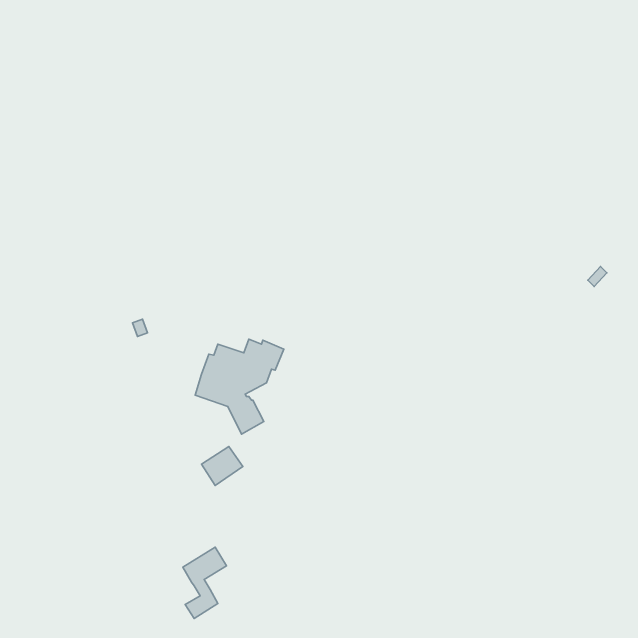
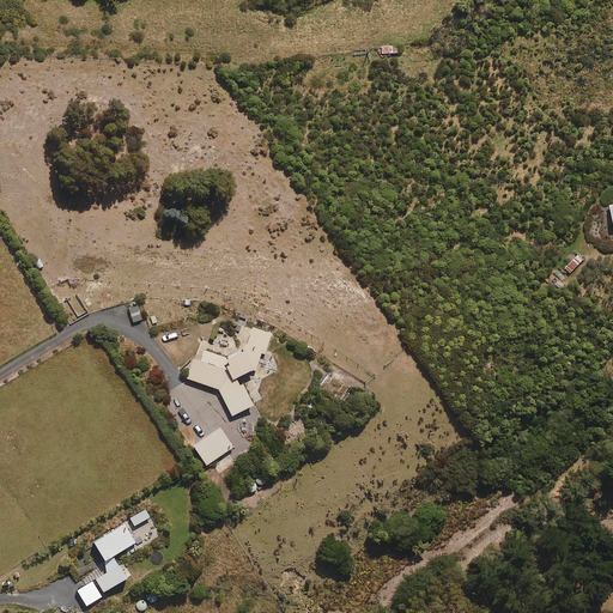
building: [183,547,227,618] -> [92,524,134,593]

